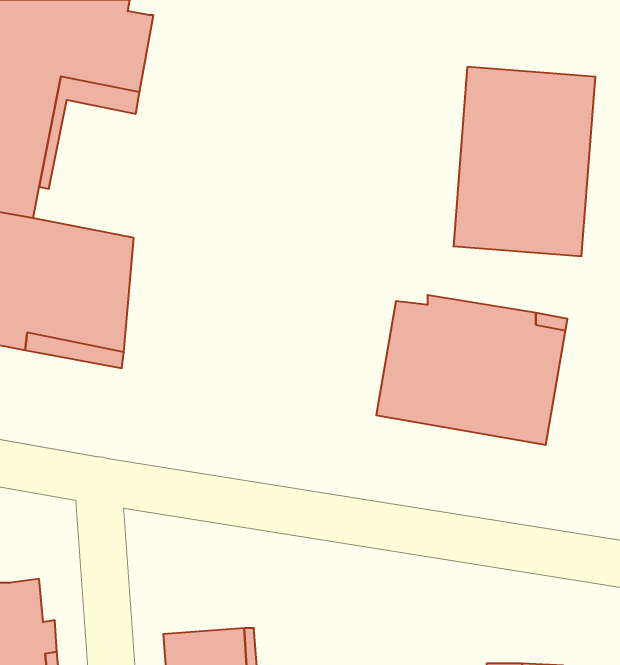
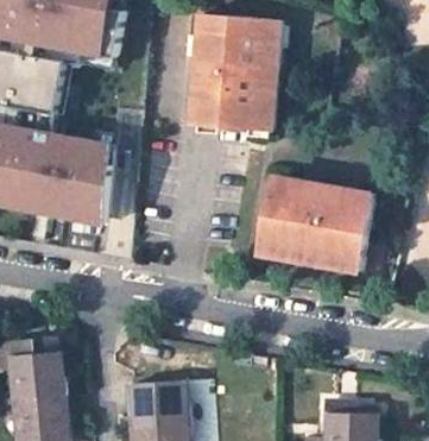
building: [453,67,595,256] -> [193,14,278,128]

